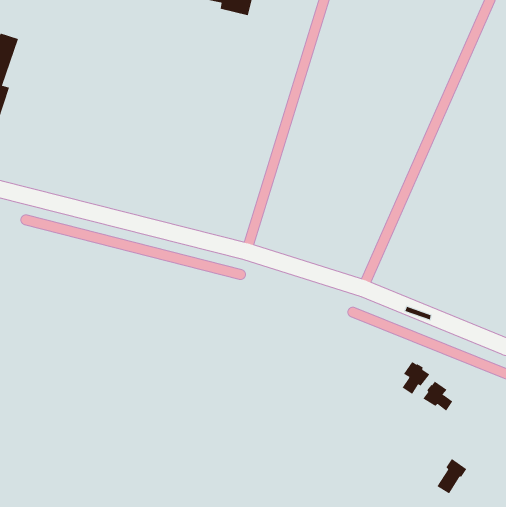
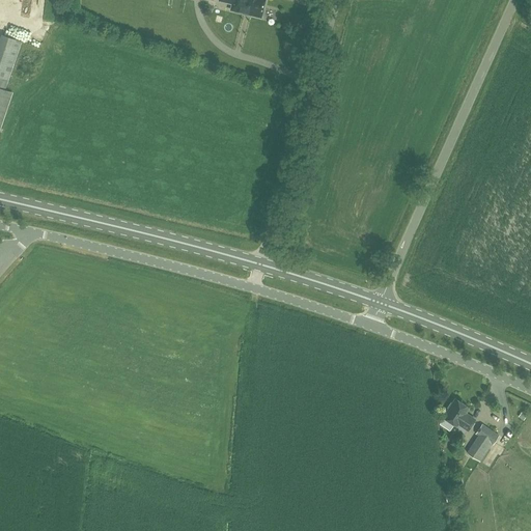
building: [402,361,430,395] -> none
building: [436,458,467,494] -> [465,423,497,460]

